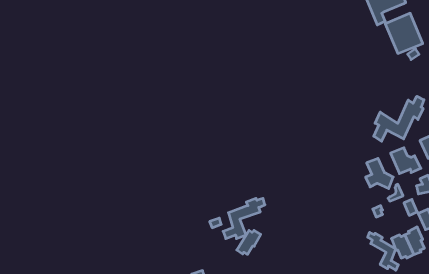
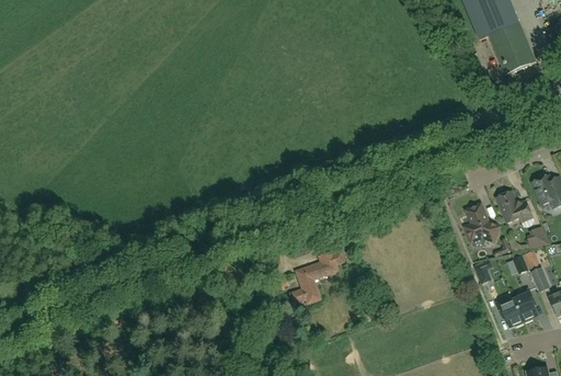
building: [374,96,424,141] -> none
building: [237,230,261,254] -> none
building: [368,232,398,270] -> none

